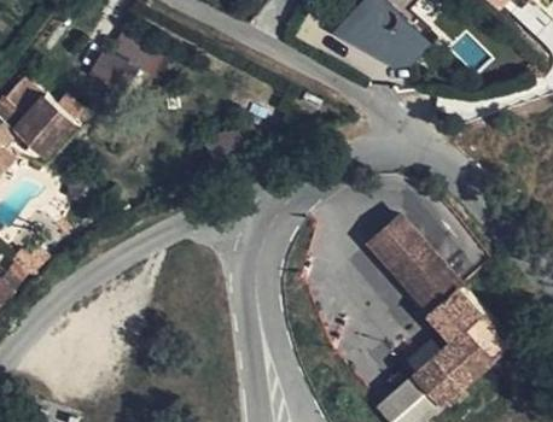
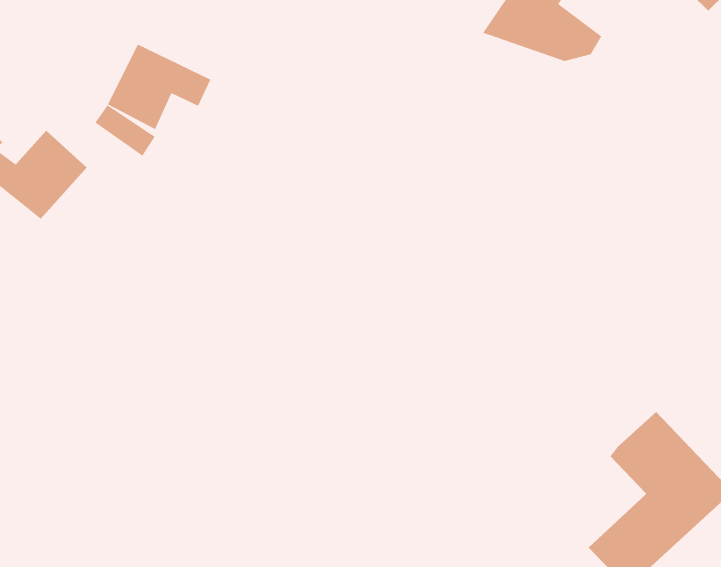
building: [369,221,456,309] -> none

